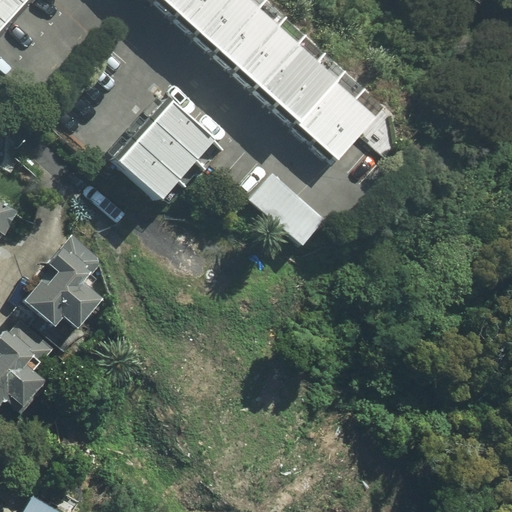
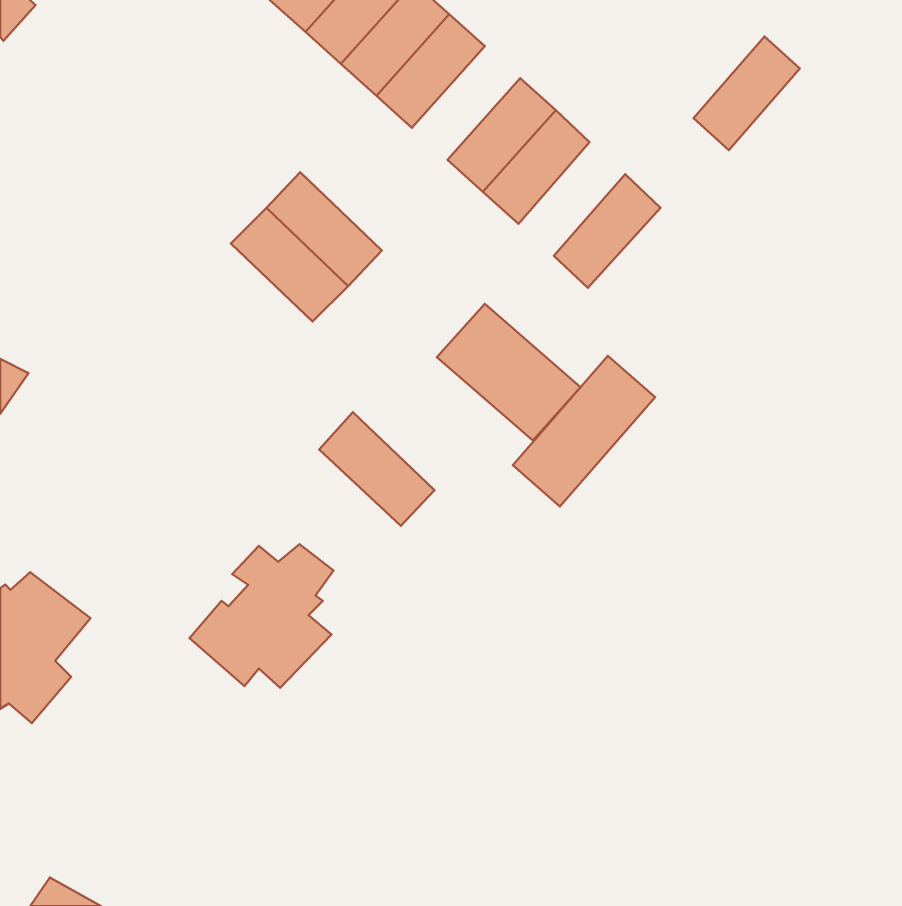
building: [235,26,296,90] -> none
building: [295,80,355,144] -> [693,36,800,150]
building: [114,137,179,201] -> [319,412,434,526]
building: none -> [513,356,655,507]
building: [23,248,104,329] -> [190,544,333,688]

